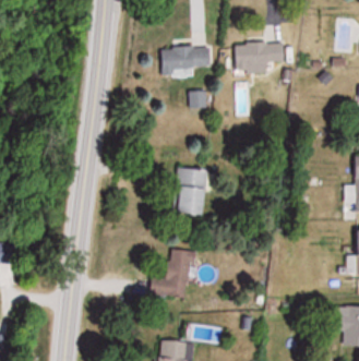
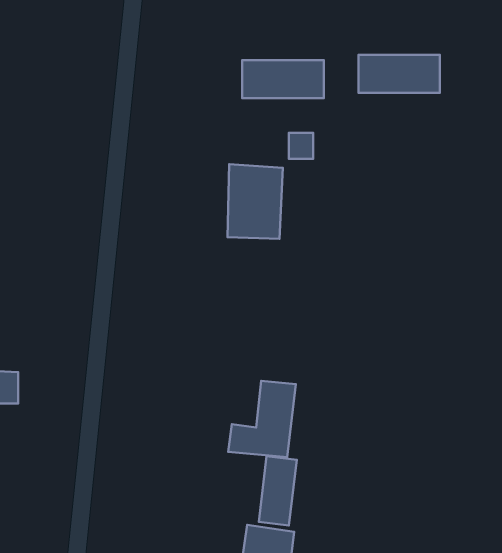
building: [173,168,208,215] -> [227,164,283,239]
building: none -> [259,456,297,525]

